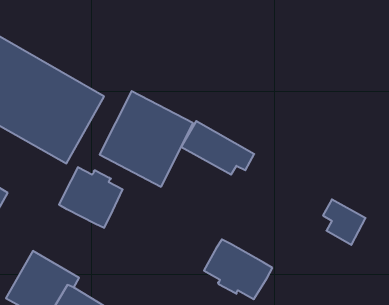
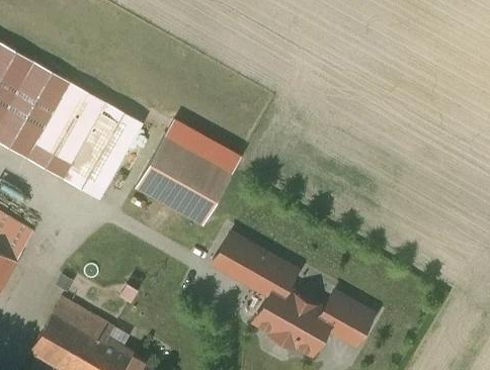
building: [181,121,254,175] -> [213,235,296,295]
building: [59,167,123,228] -> none
building: [323,199,366,245] -> [323,293,372,345]

